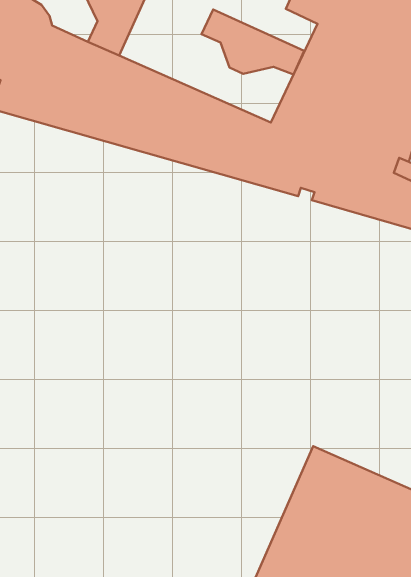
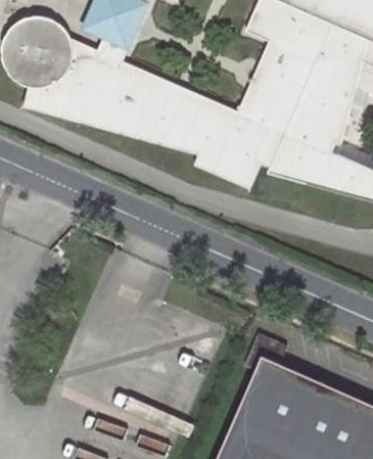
building: [201,9,304,75] -> none

